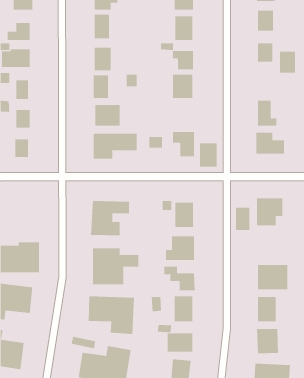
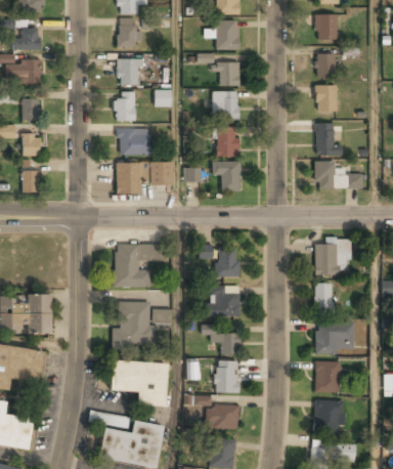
building: [279,51,296,73] -> [316,85,337,112]
building: [199,143,218,167] -> [216,127,238,157]
building: [235,207,250,231] -> [314,283,333,311]

